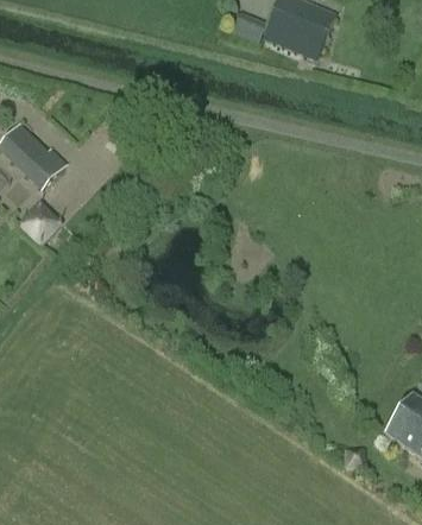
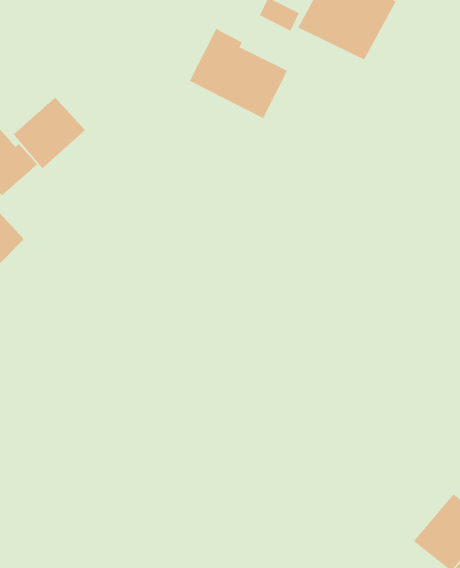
building: none -> [189,28,288,119]
building: none -> [13,97,86,169]

